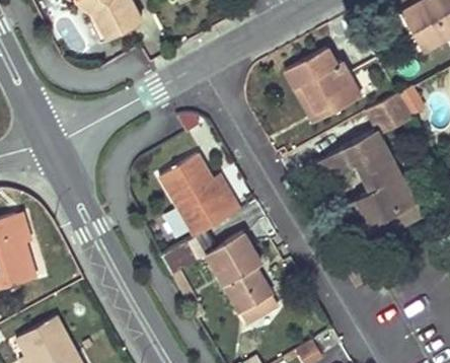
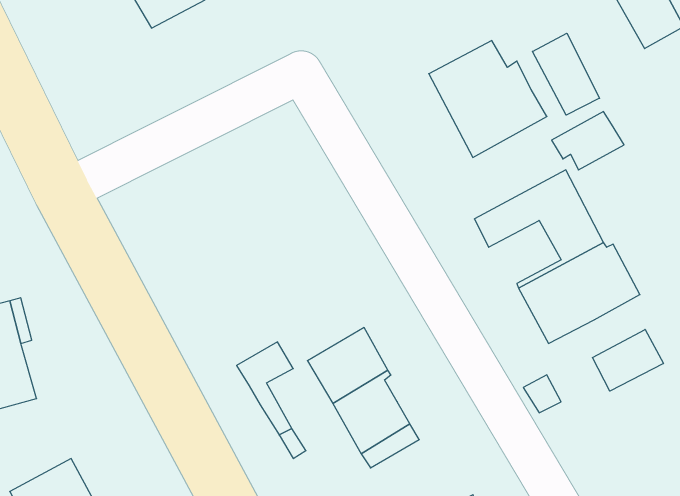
building: none -> [532,33,600,115]
building: [160,154,238,236] -> none
building: none -> [592,329,663,391]

